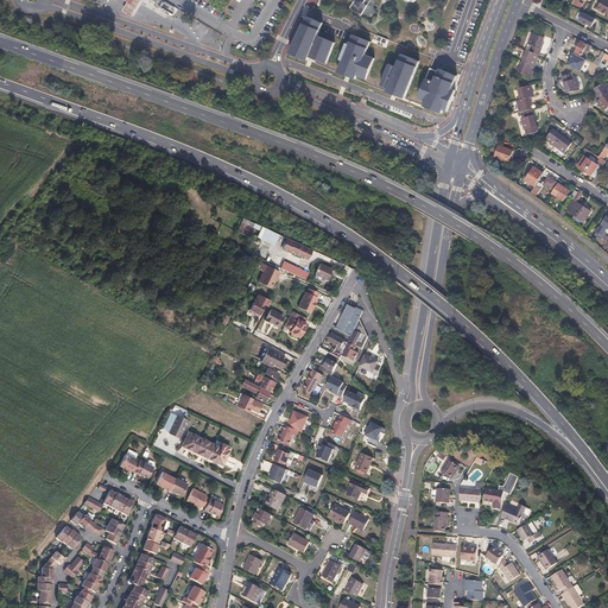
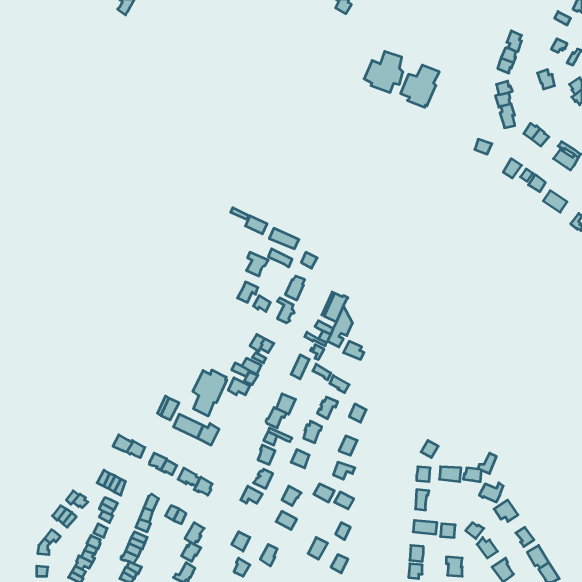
building: [290,15,332,62] -> none
building: [336,33,373,78] -> none
building: none -> [193,370,227,416]

